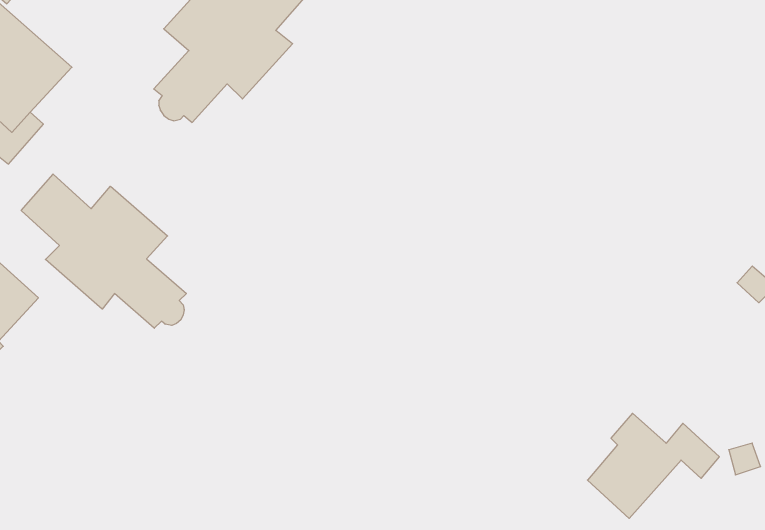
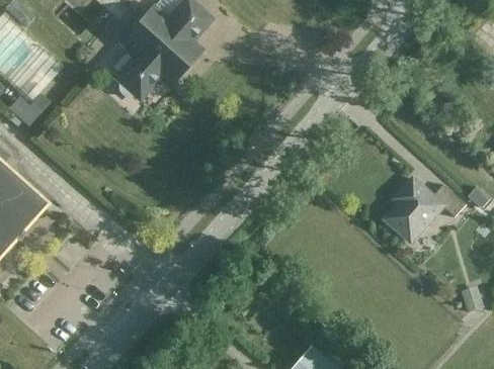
building: [21,174,186,328] -> none
building: [587,413,719,518] -> [387,178,467,242]

